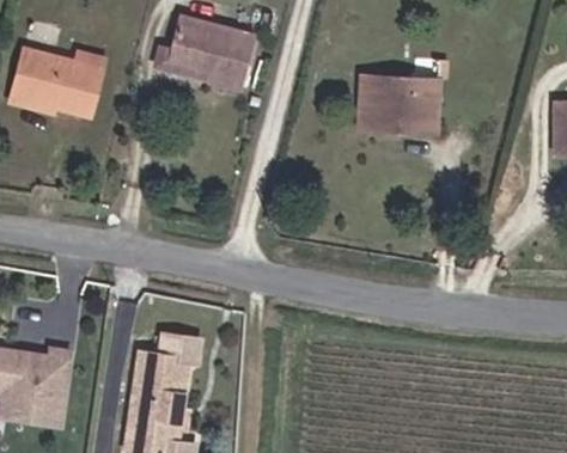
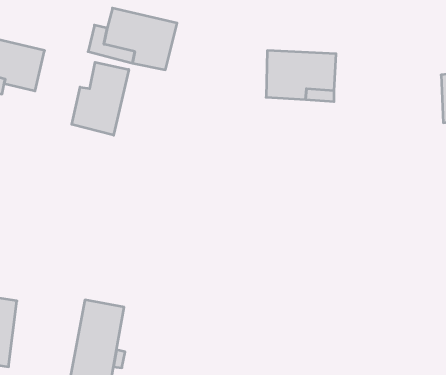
building: none -> [72,62,129,135]

